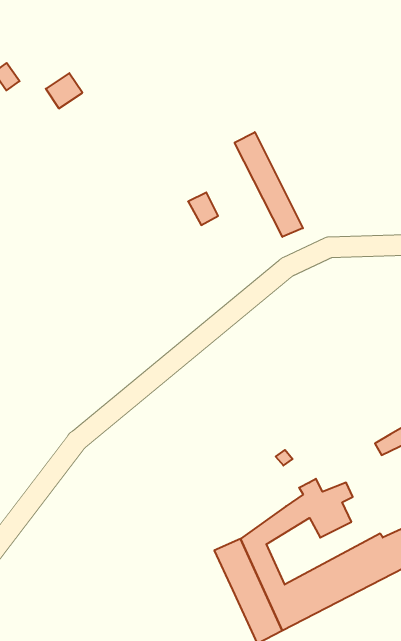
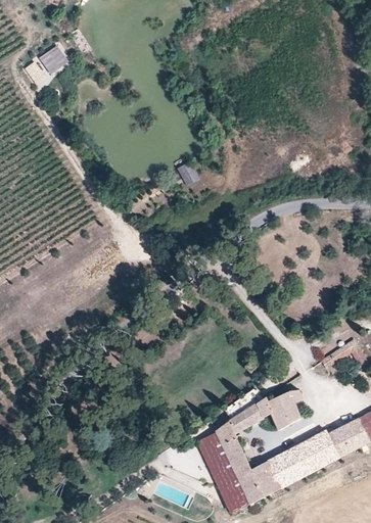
building: [46,73,82,108] -> [38,45,66,73]
building: [235,132,303,237] -> none

